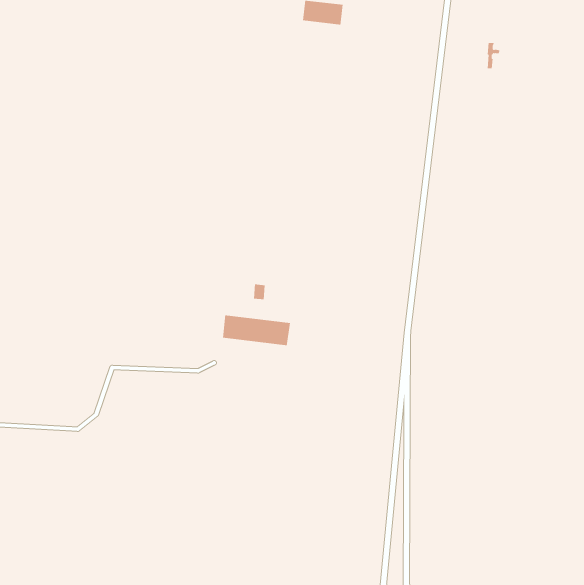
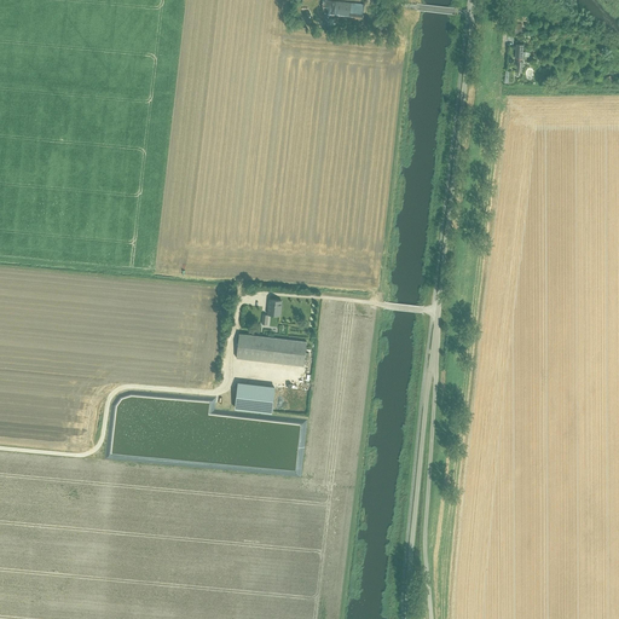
building: none -> [233,383,273,412]

